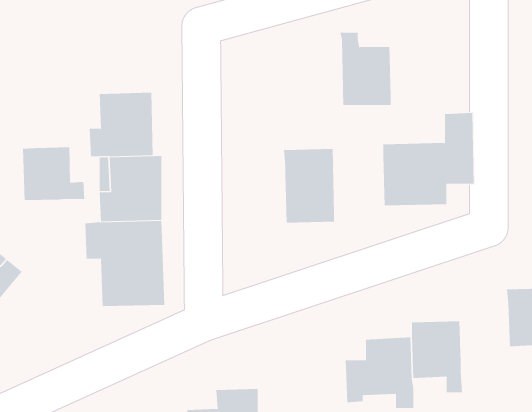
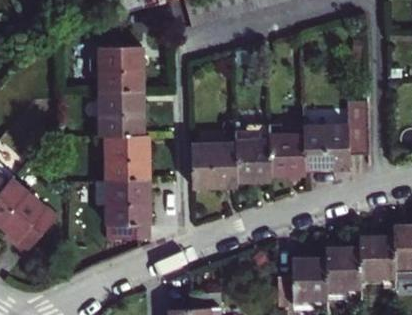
building: none -> [99,45,143,91]
building: [340,32,391,105] -> [268,124,304,175]
building: [23,147,85,201] -> none
building: none -> [189,142,236,187]
building: none -> [357,237,391,288]

